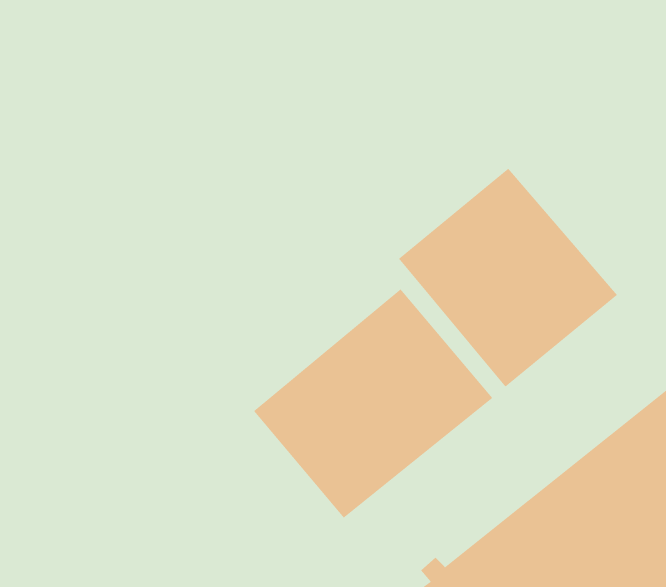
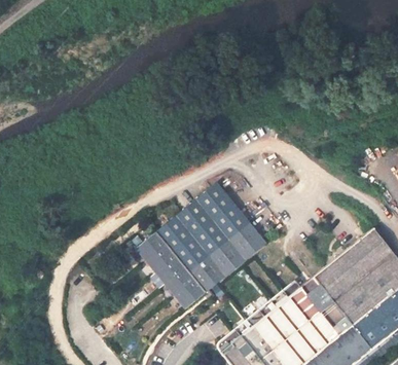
building: [398,168,618,388] -> none

